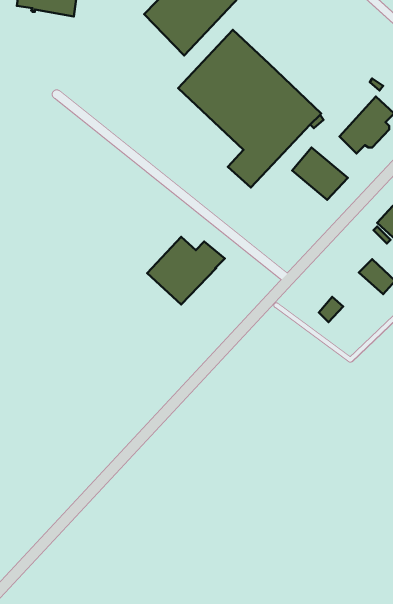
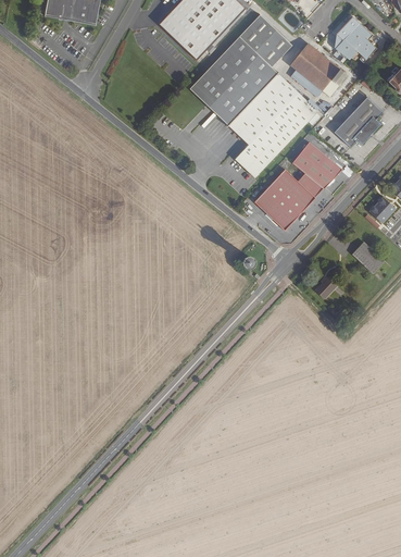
building: none -> [238,14,291,66]
building: none -> [335,22,376,59]
building: none -> [289,42,346,96]
building: [147,237,225,305] -> [253,169,323,230]

